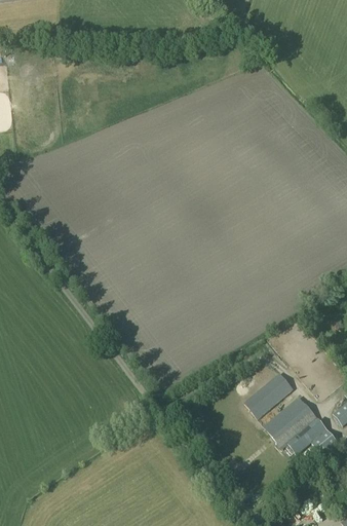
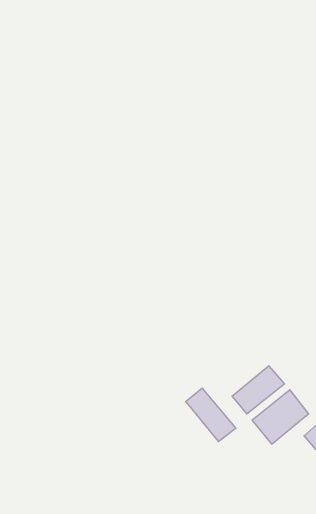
building: none -> [186,388,236,441]

